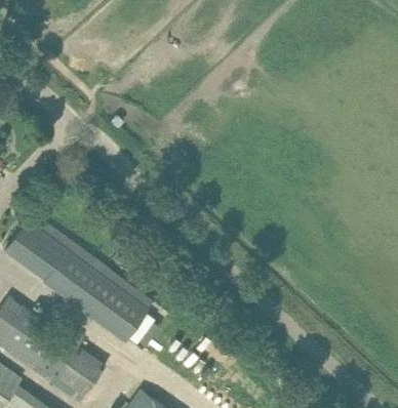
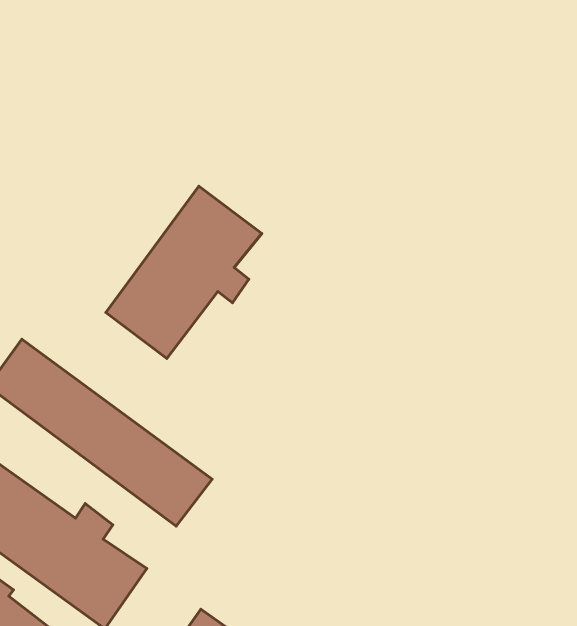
building: none -> [106,186,262,359]

